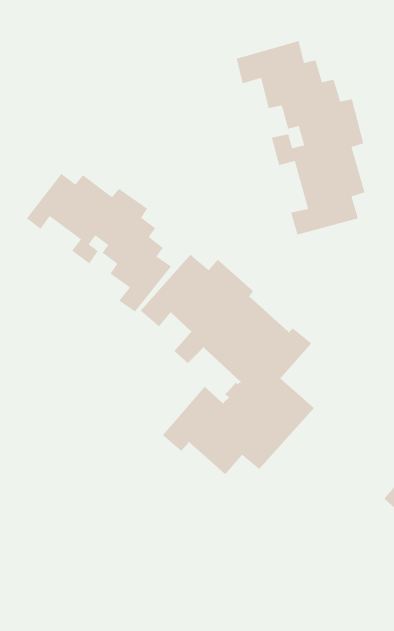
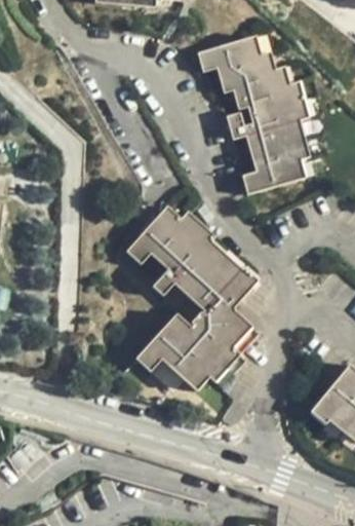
building: [26,173,172,313] -> none

